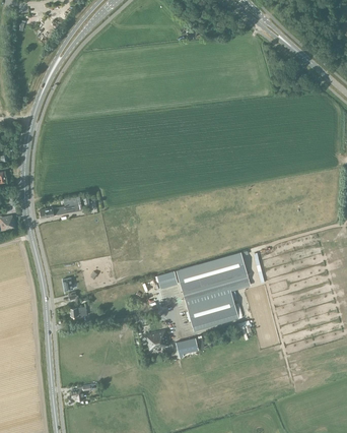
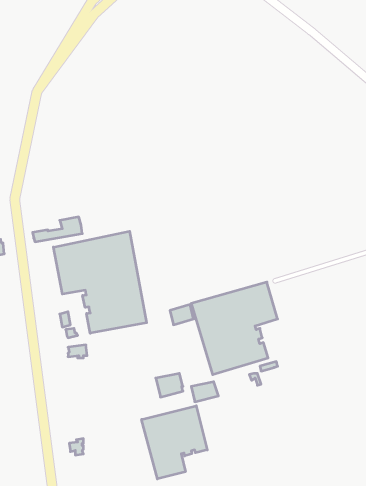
building: none -> [53,231,147,333]
building: none -> [142,406,207,479]

